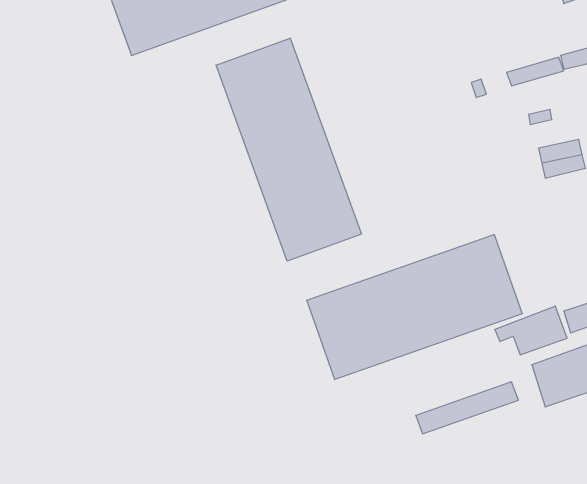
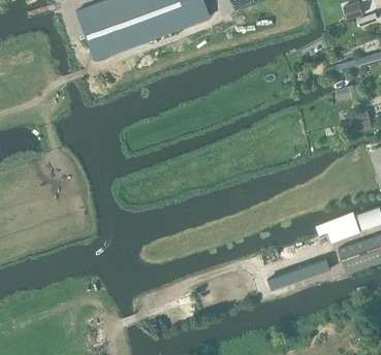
building: [216,38,361,261] -> none
building: [307,234,522,380] -> none

